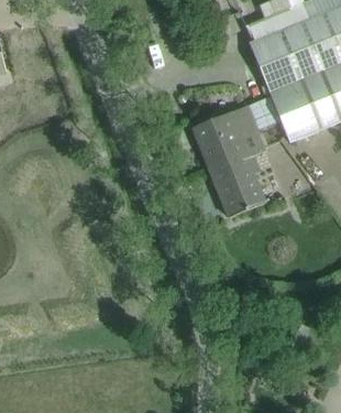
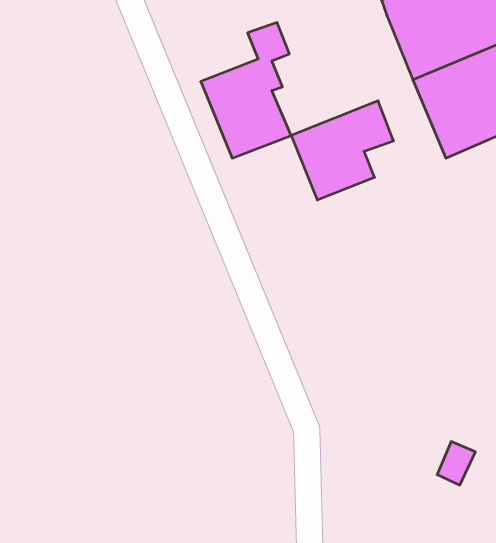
building: [209,130,266,216] -> [201,23,291,158]

